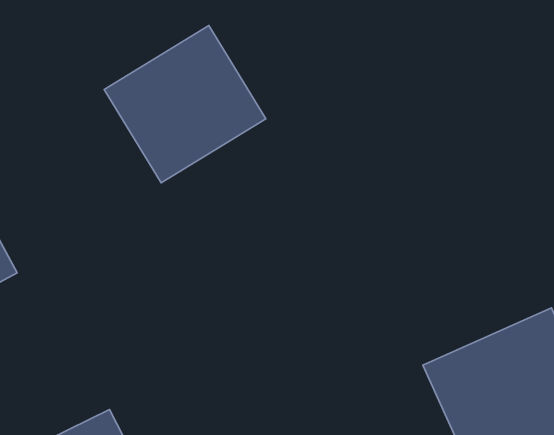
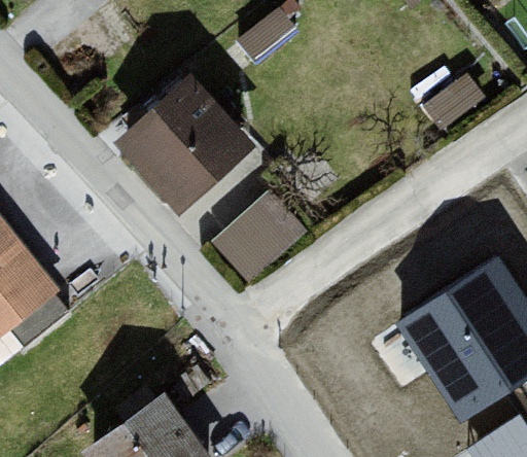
building: none -> [224,181,313,267]

